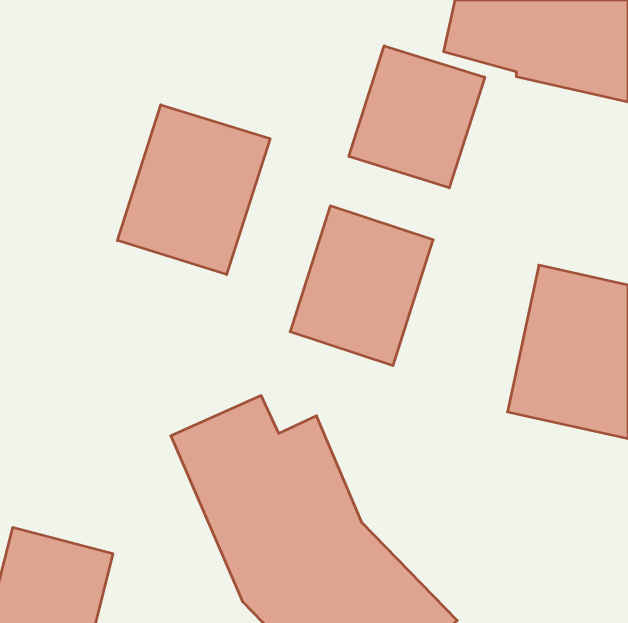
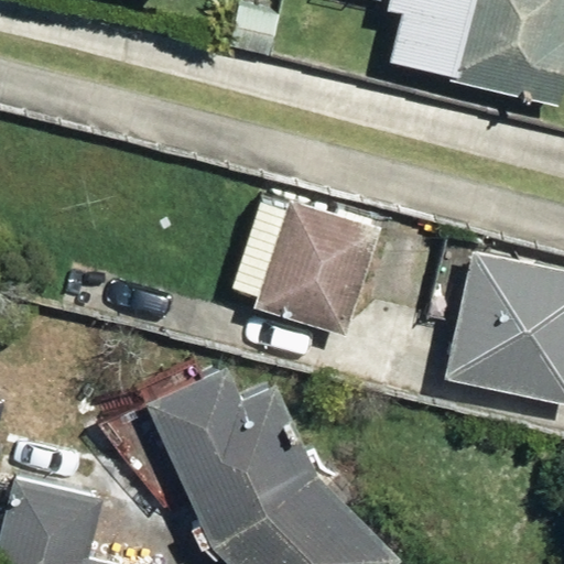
building: [349,46,485,188] -> none
building: [117,105,270,275] -> none

